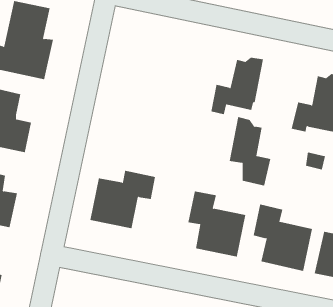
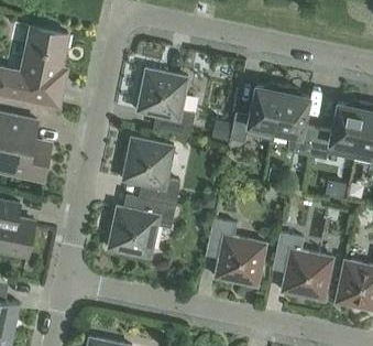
building: none -> [136,68,195,137]
building: none -> [122,138,180,205]
building: [229,117,271,186] -> [275,86,318,156]

